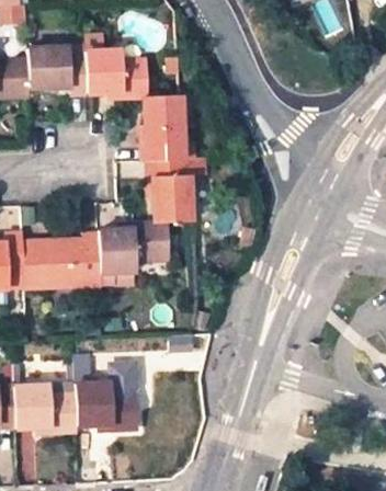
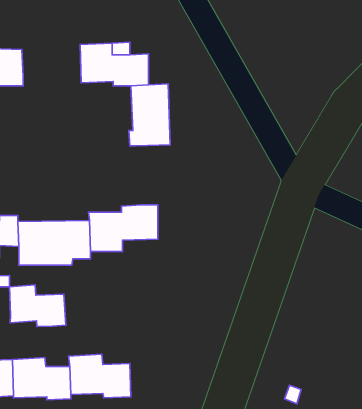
building: [24,46,87,93] -> none
building: [145,158,190,222] -> none
building: none -> [10,285,66,327]

